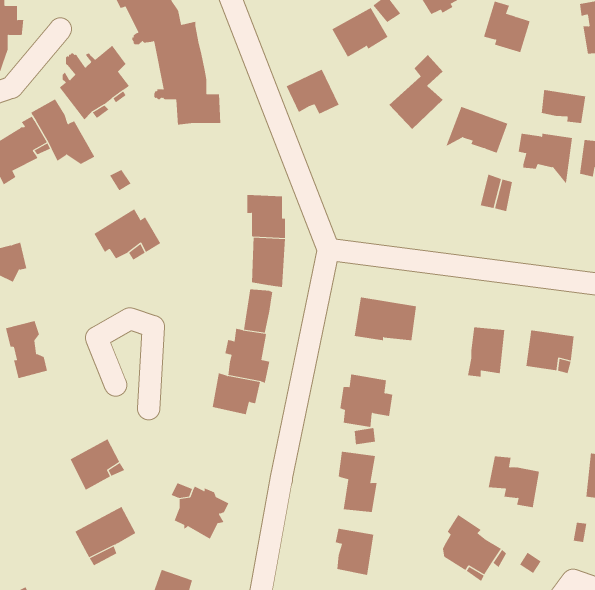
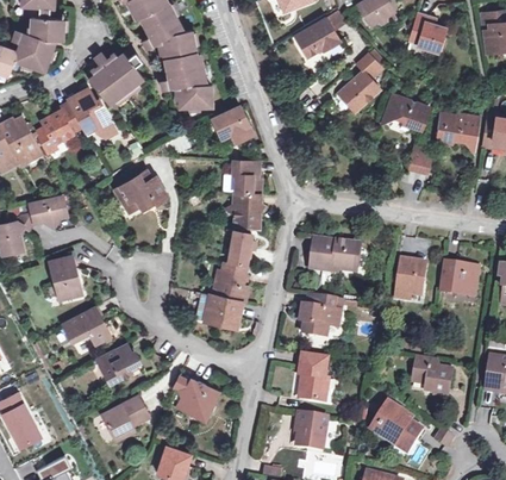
building: [286,69,339,114] -> [212,106,252,141]
building: [541,89,586,124] -> none
building: none -> [64,306,110,343]

